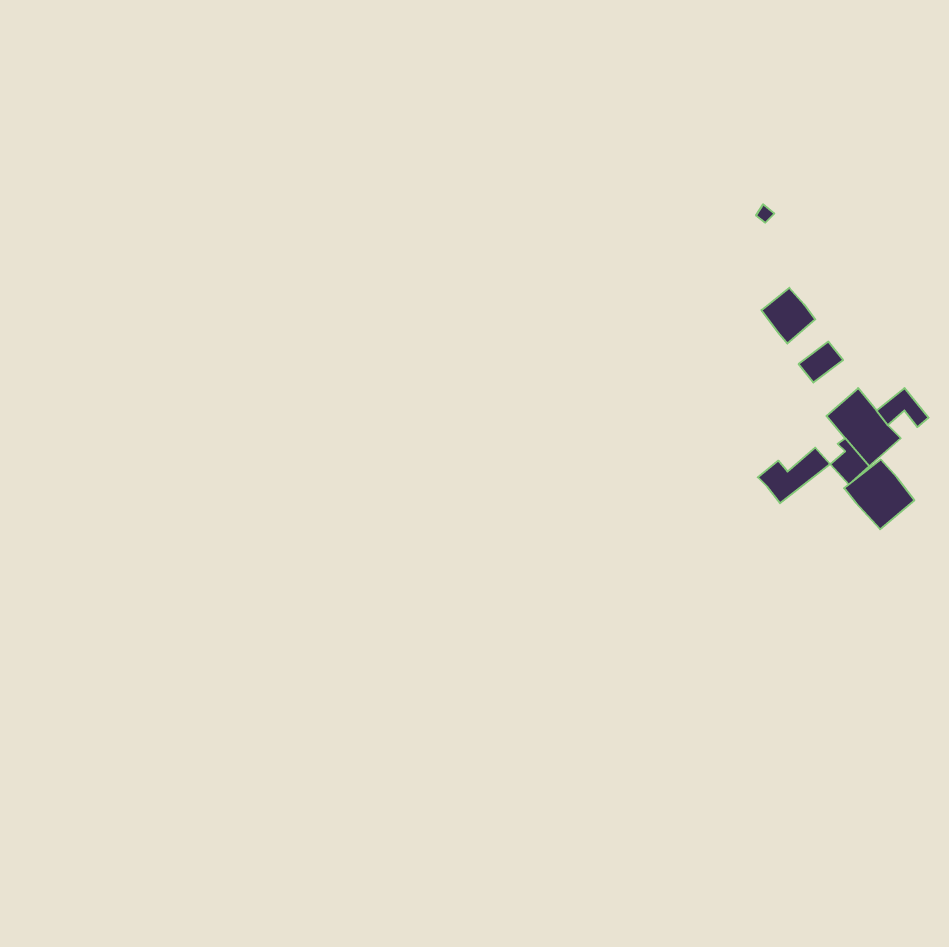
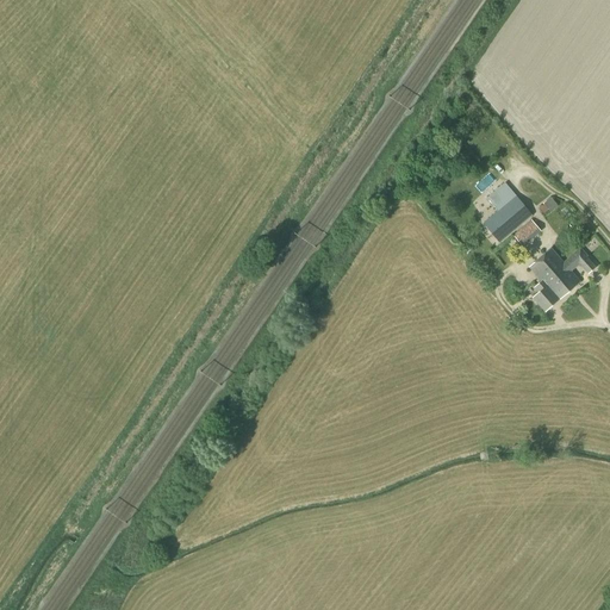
building: [758,448,830,503] -> [486,205,533,241]
building: [844,460,914,529] -> none

